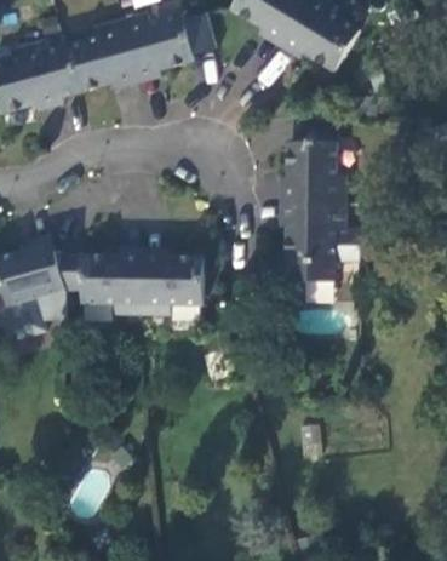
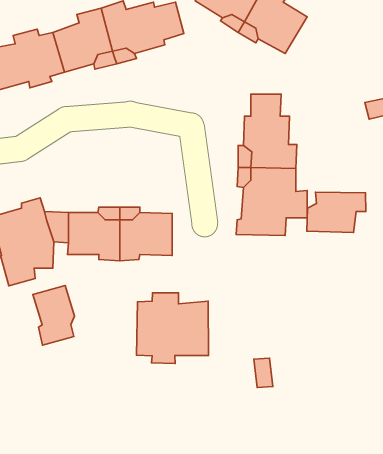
building: none -> [307,192,366,232]
building: none -> [33,286,74,345]
building: none -> [136,293,208,364]

